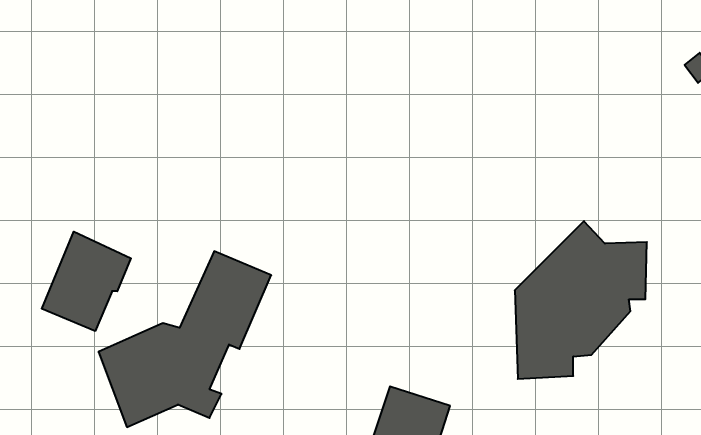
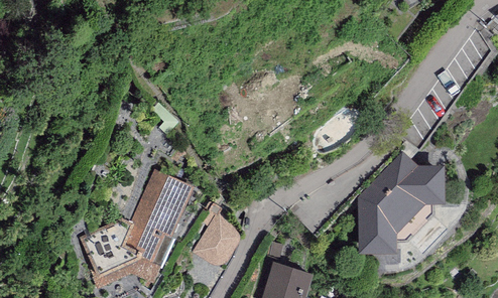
building: [42,232,131,331] -> none
building: none -> [193,214,240,264]

